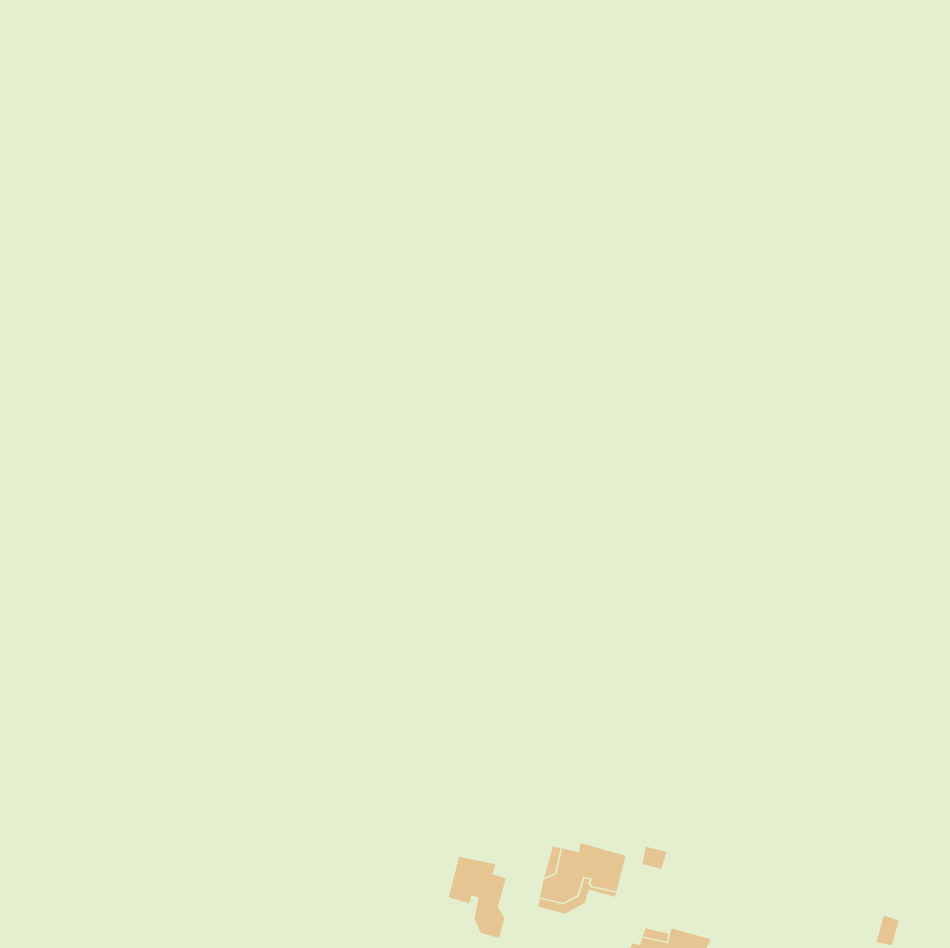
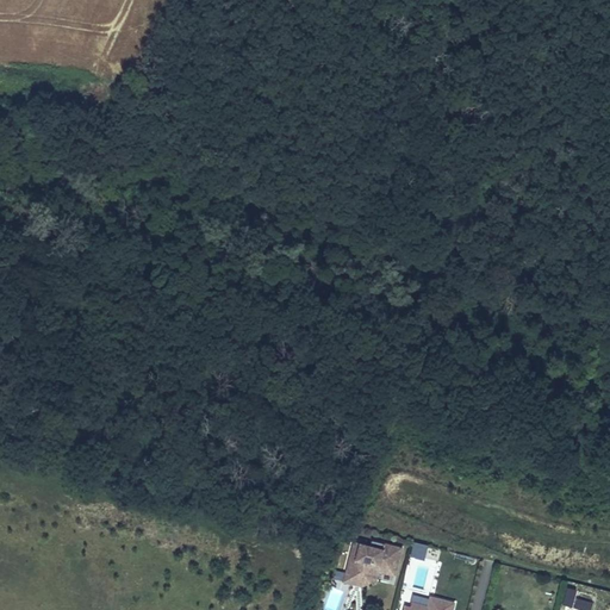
building: [448,856,507,939] -> none

